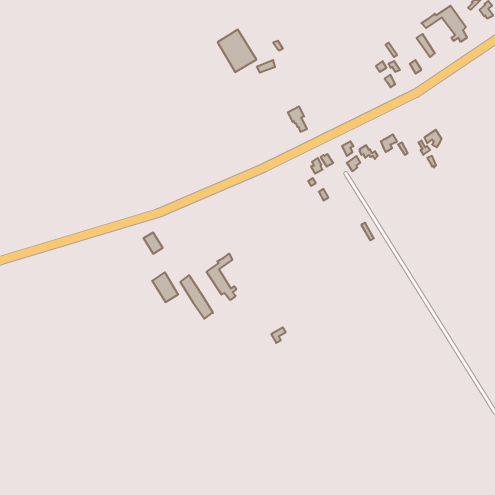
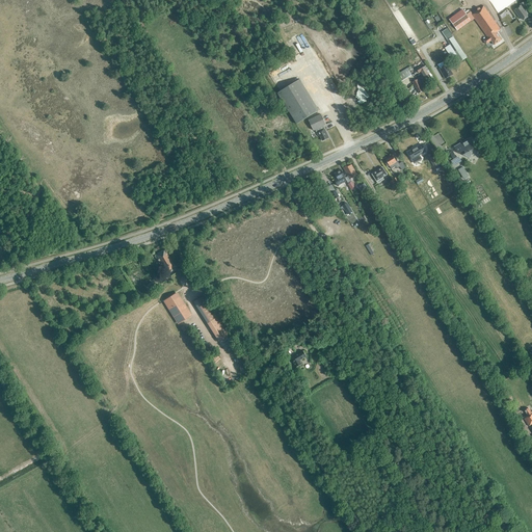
building: [218,30,256,72] -> [277,79,319,125]
building: [207,254,236,300] -> none

